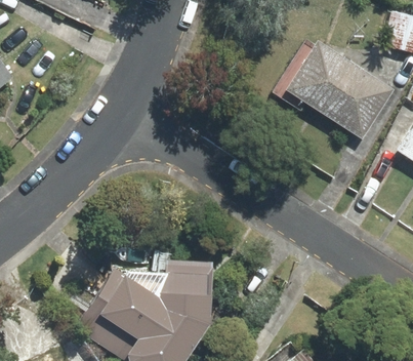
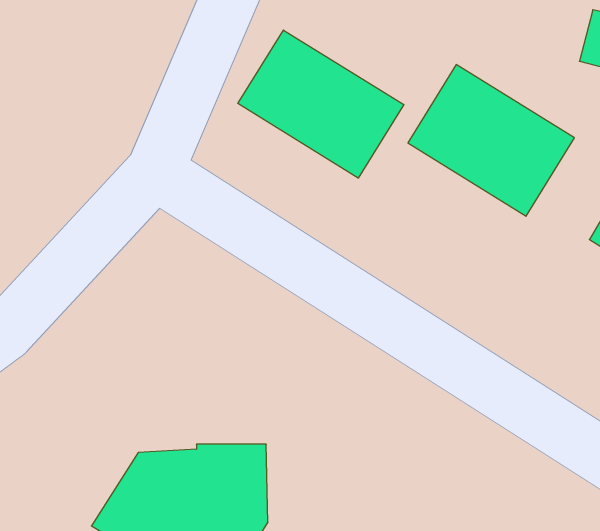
building: none -> [238,30,404,178]

